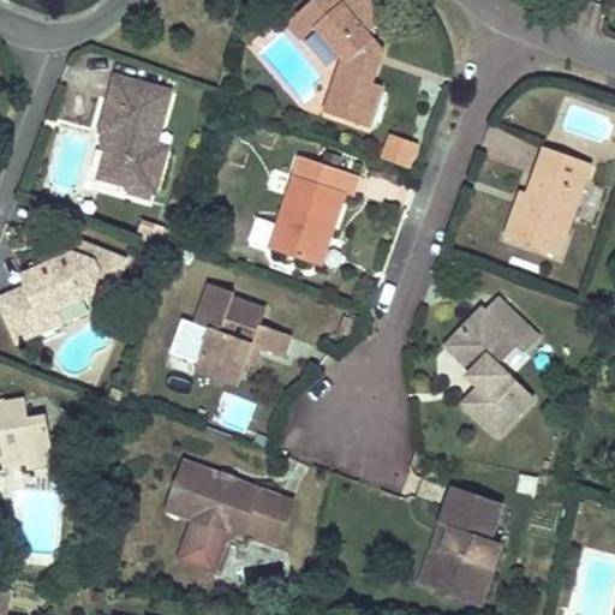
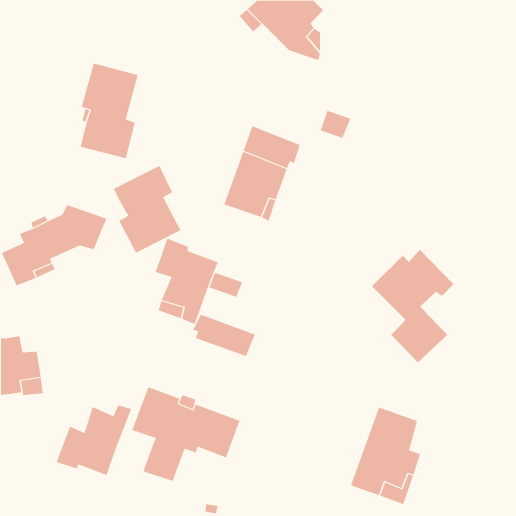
building: [324,61,386,131] -> none
building: [507,149,591,253] -> none
building: none -> [113,165,181,253]
building: none -> [193,314,256,357]
building: none -> [56,404,132,476]

